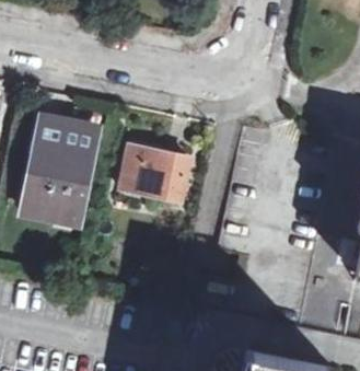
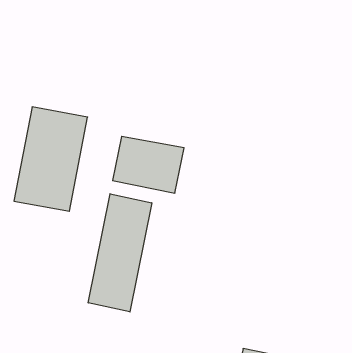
building: none -> [88,194,152,312]

